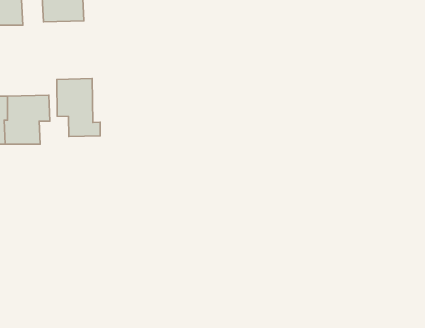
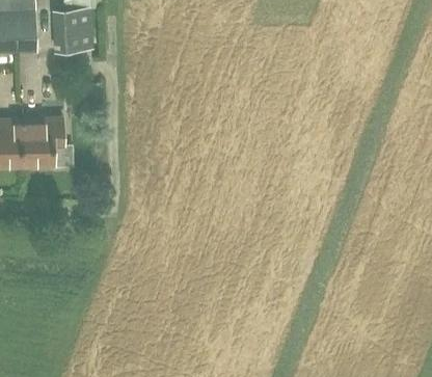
building: [57,78,100,137] -> none

